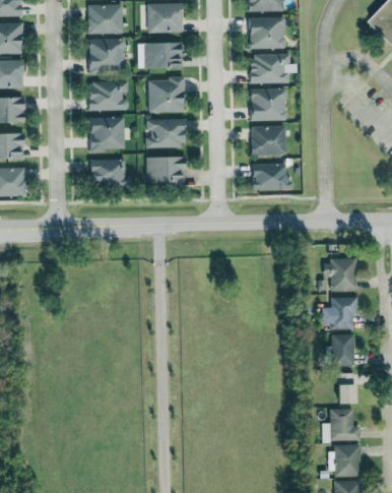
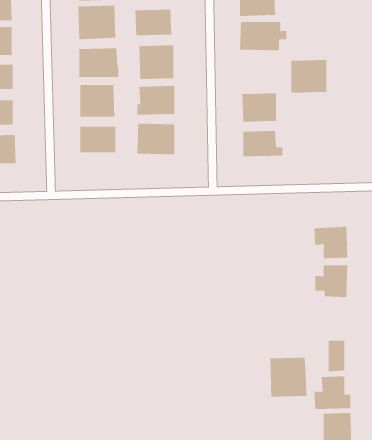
building: [250,87,286,121] -> [290,59,327,93]
building: [326,333,354,365] -> none
building: none -> [270,357,307,398]

